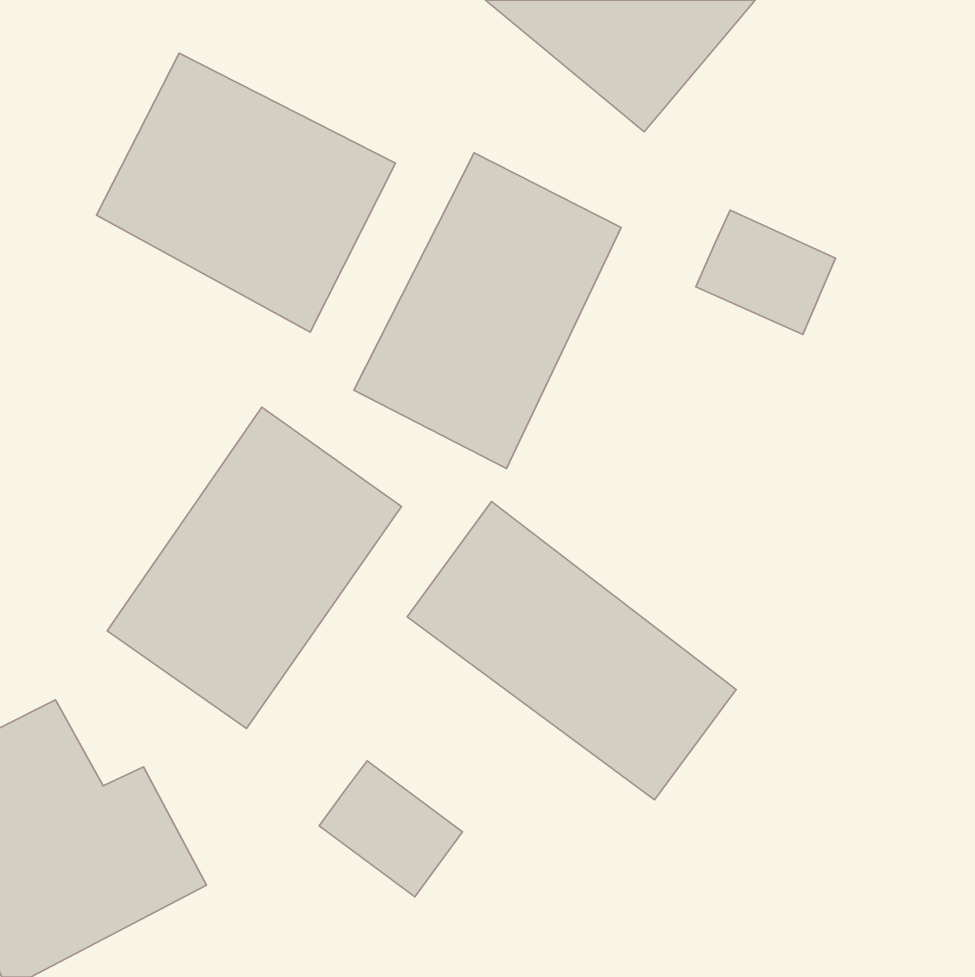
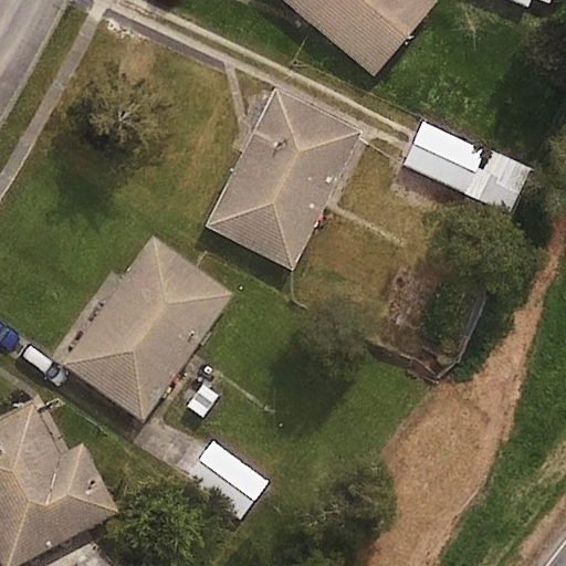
building: [97,53,395,332] -> none
building: [407,501,736,800] -> none

